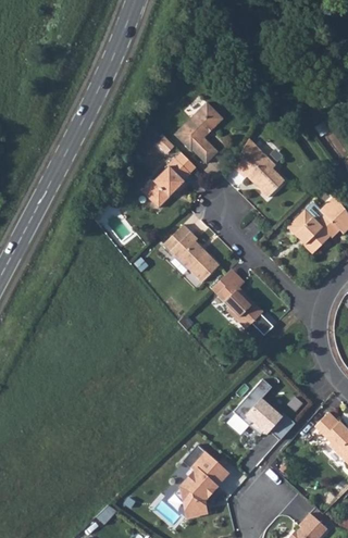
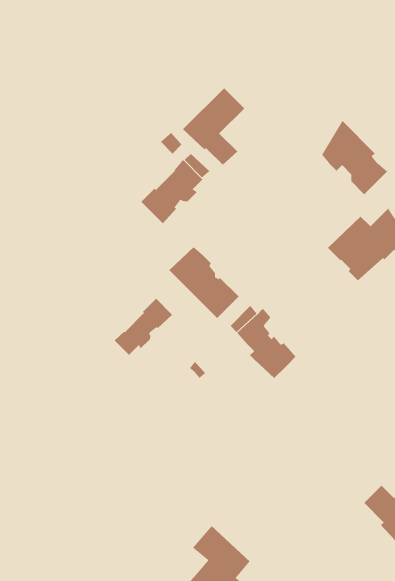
building: [233,138,285,197] -> [321,120,388,195]
building: none -> [114,298,173,356]
building: [233,378,295,440] -> none

